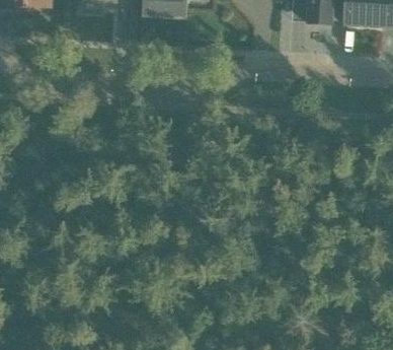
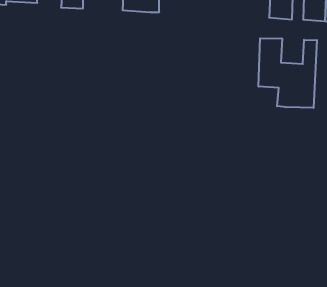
building: none -> [259,38,317,108]

